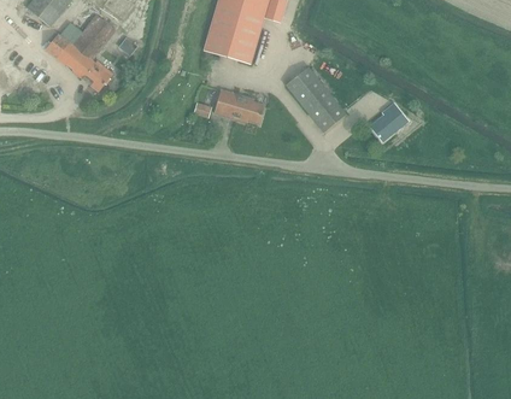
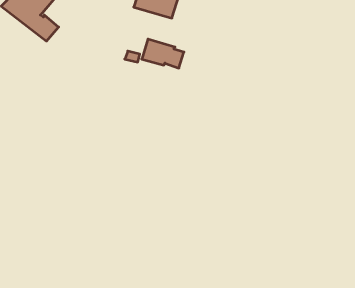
building: [284,65,345,131] -> none
building: [371,102,406,140] -> none

